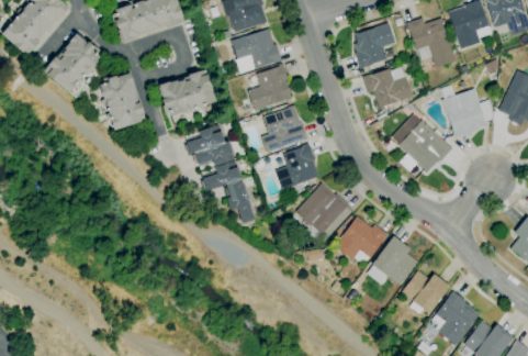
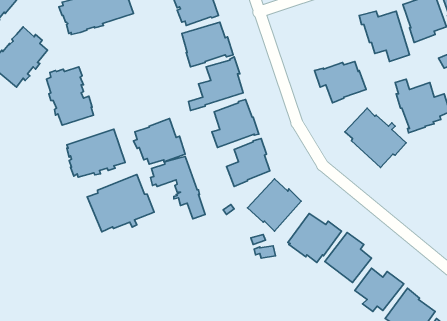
building: [353,23,395,69] -> none
building: [159,69,216,116] -> [67,129,125,177]
building: none -> [87,175,154,232]

